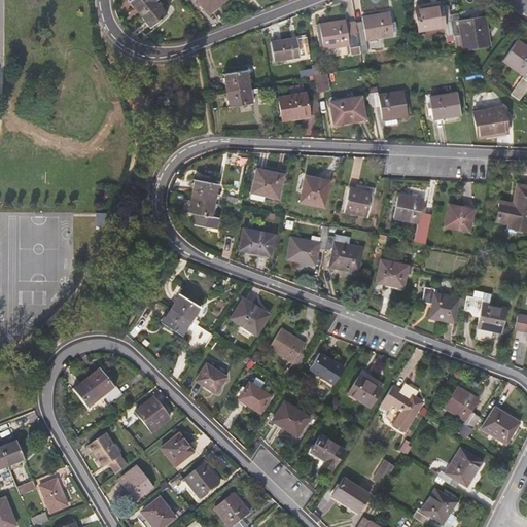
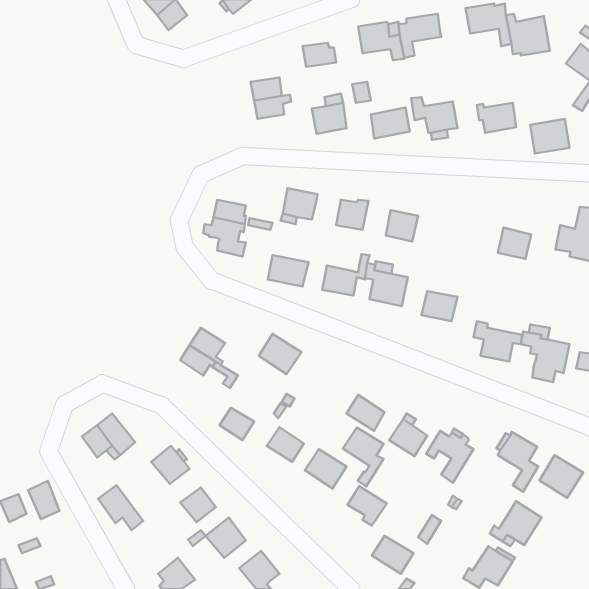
building: [394,192,431,243] -> none
building: [270,328,306,381] -> [343,428,383,487]
building: [120,466,151,499] -> none
building: [40,478,68,512] -> [28,481,59,519]

